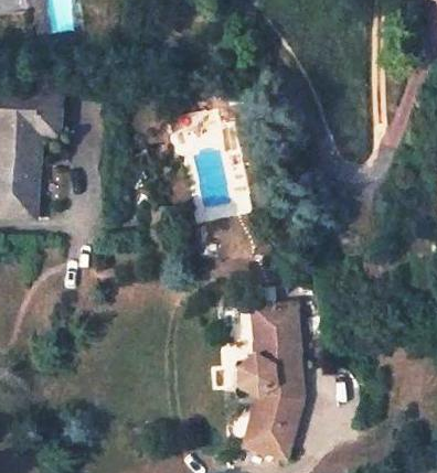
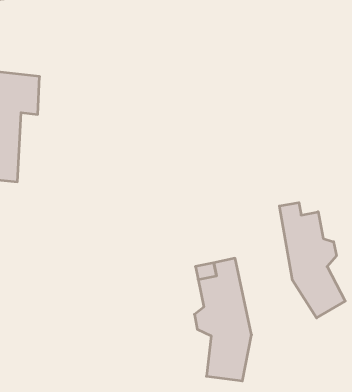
building: none -> [279,203,345,318]

